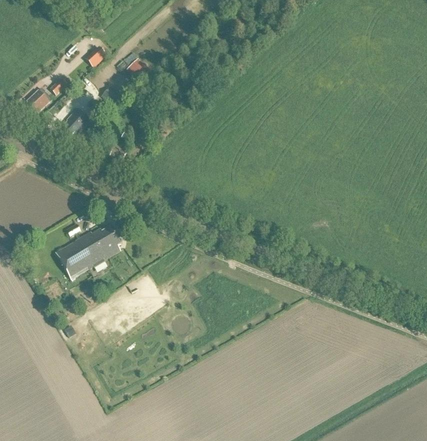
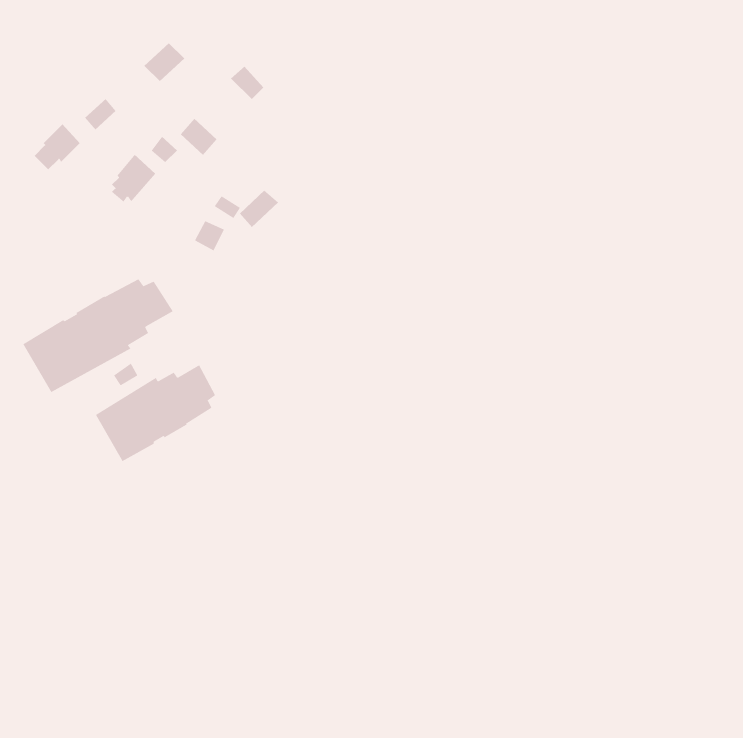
building: none -> [23,278,173,393]

